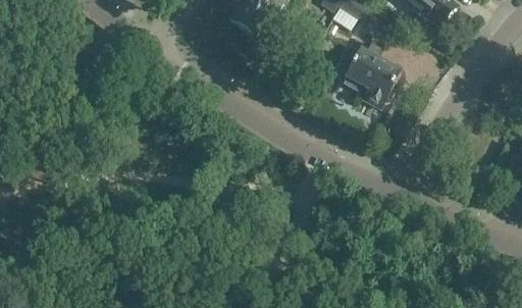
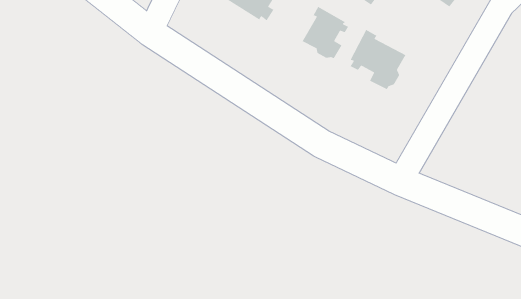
building: none -> [302,6,349,59]

